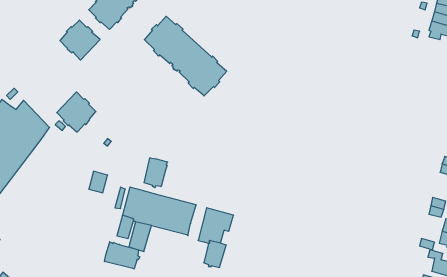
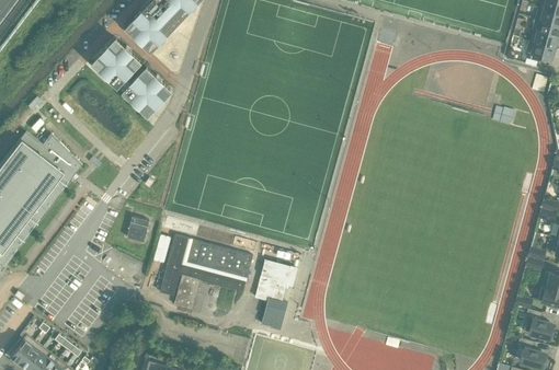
building: [144,16,227,96] -> none
building: [57,92,96,132] -> [123,68,169,115]
building: [144,158,168,188] -> none
building: [105,242,140,269] -> none

